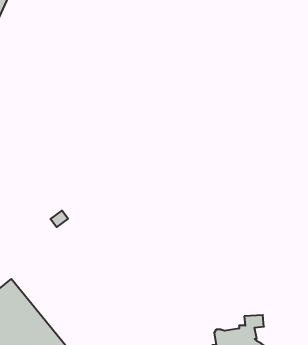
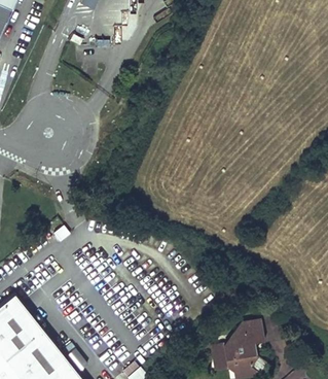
building: none -> [225,319,263,346]

